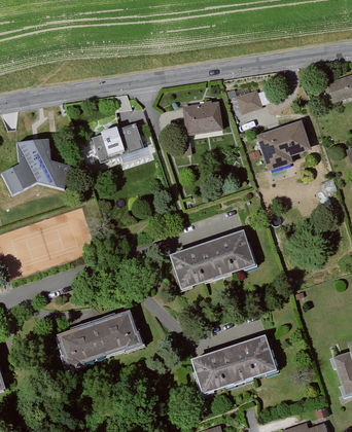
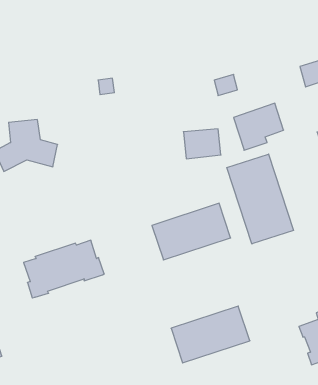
building: [183,101,223,133] -> [183,129,221,159]
building: [92,119,145,161] -> none
building: none -> [227,154,294,244]
building: [61,311,147,372] -> [24,240,104,298]

